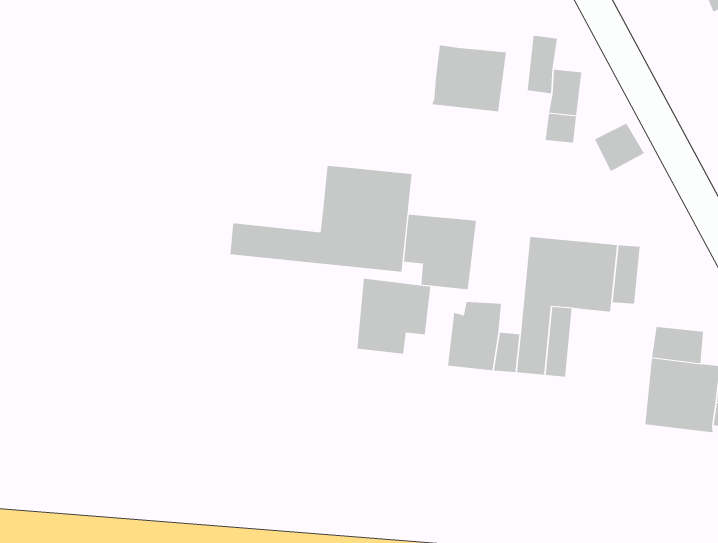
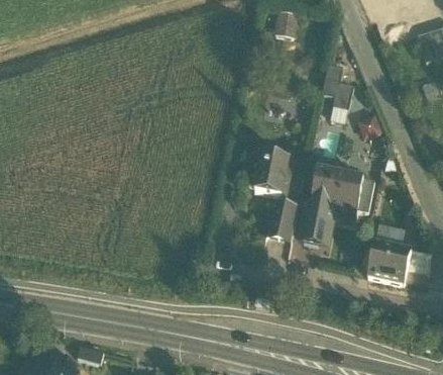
building: [432,45,506,112] -> none
building: [230,165,412,272] -> none
building: [357,278,431,355] -> none

